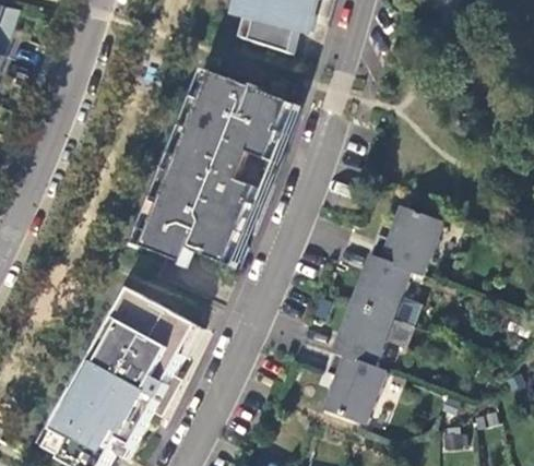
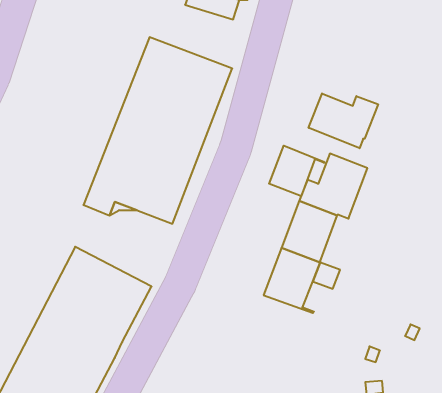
building: none -> [309,93,378,148]
building: none -> [269,146,324,196]
building: [320,343,378,410] -> none

